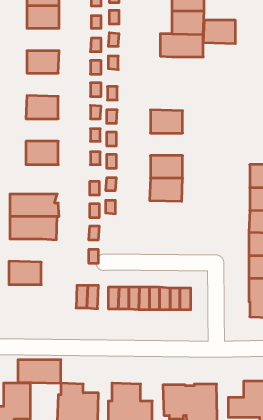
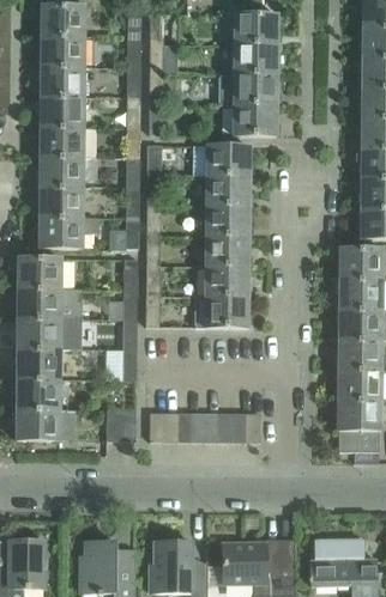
building: [203,20,235,44] -> [234,104,277,135]
building: none -> [41,66,84,96]
building: none -> [41,126,83,157]
building: none -> [206,145,251,176]
building: none -> [40,187,83,217]
building: none -> [206,206,249,236]
building: none -> [18,256,61,287]
building: none -> [205,296,248,327]
building: none -> [17,347,61,378]
building: [18,360,61,383] -> [17,408,74,439]

